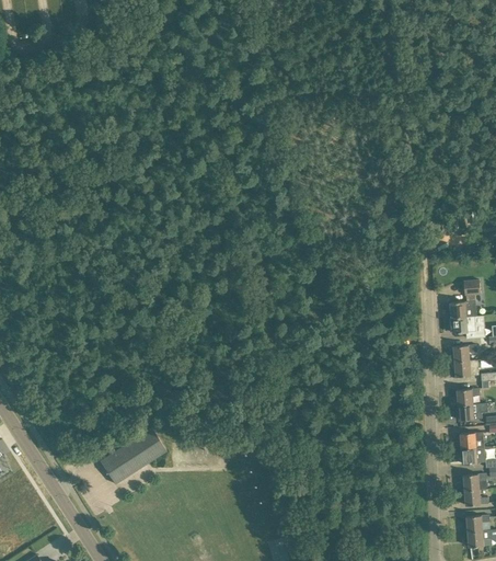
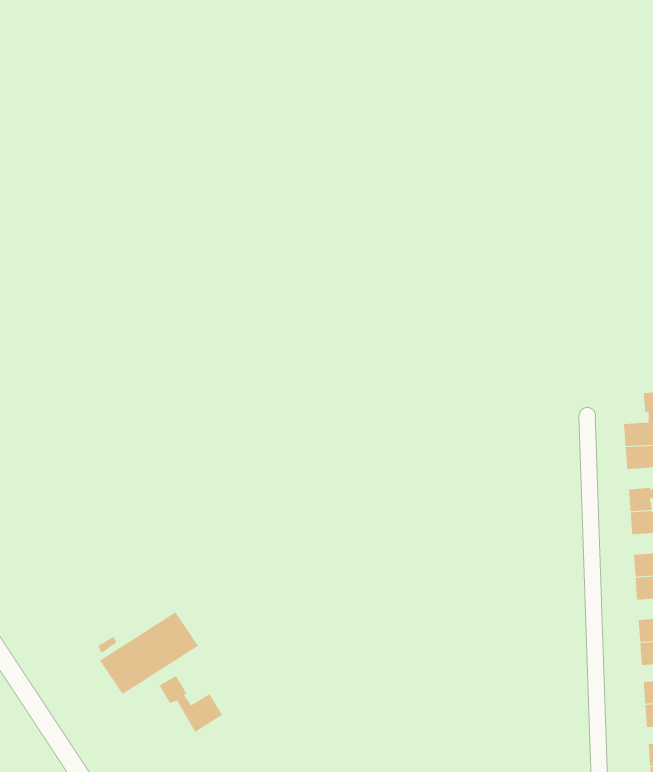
building: none -> [159,675,223,733]

